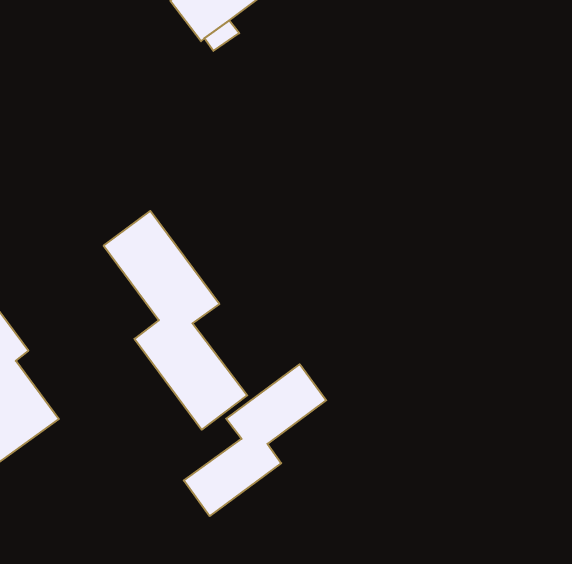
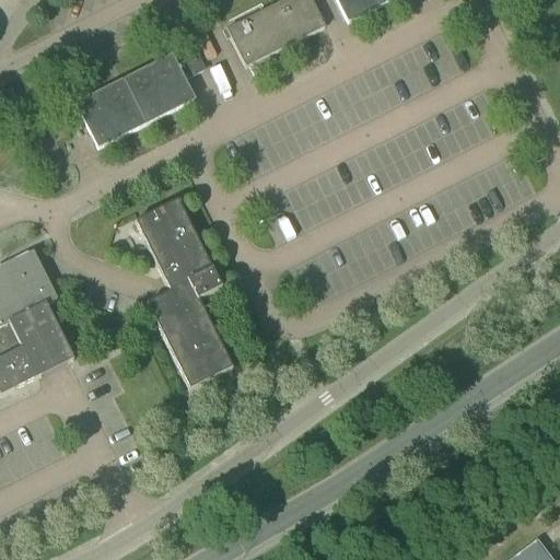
building: none -> [77,44,206,145]
building: [184,364,326,516] -> none

